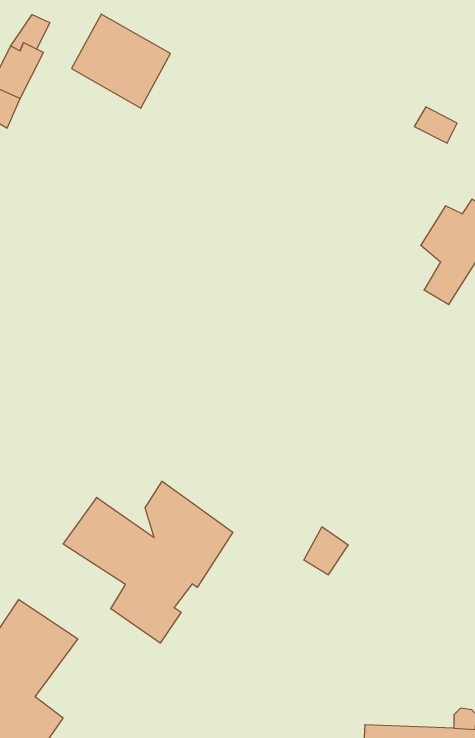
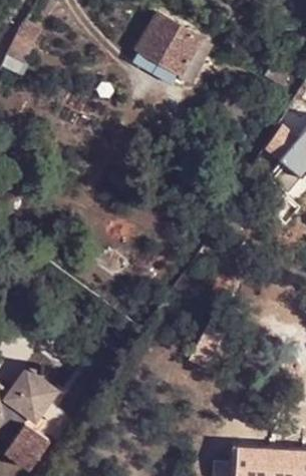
building: [72,14,170,108] -> [139,17,200,74]
building: [63,481,233,643] -> none

